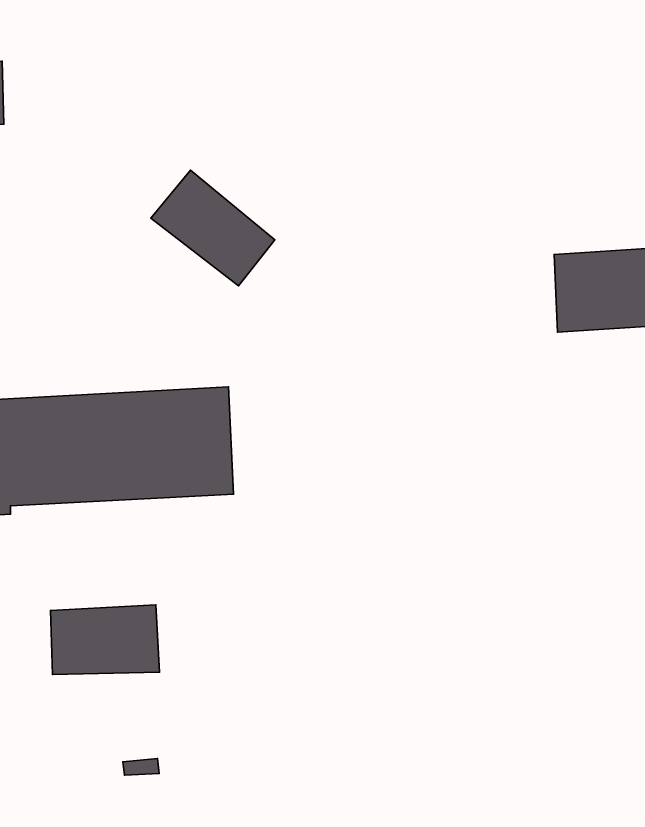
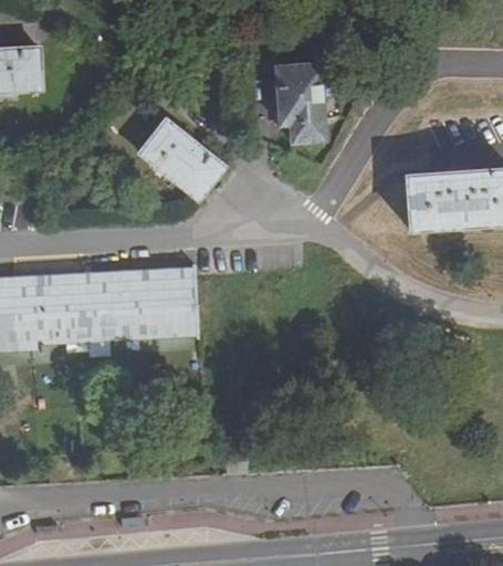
building: none -> [275,64,325,143]
building: [50,605,160,674] -> none

